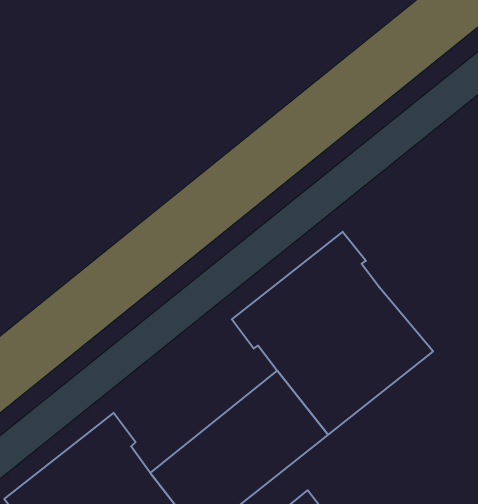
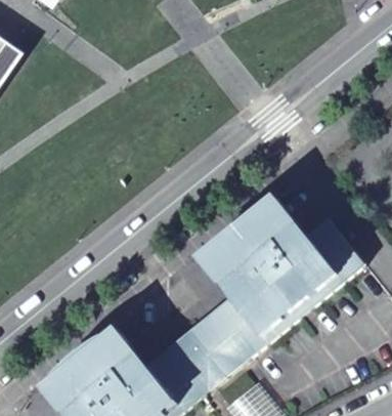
building: none -> [301,220,360,283]

